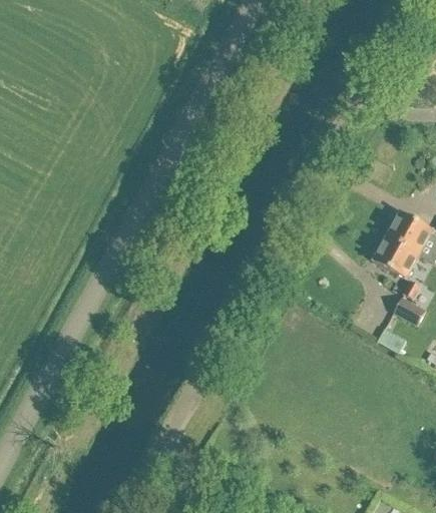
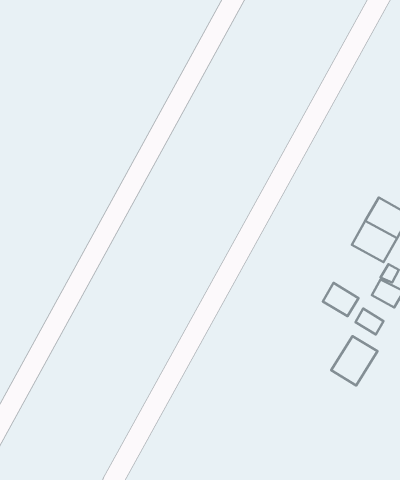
building: none -> [323,283,359,316]
building: none -> [331,336,377,385]

